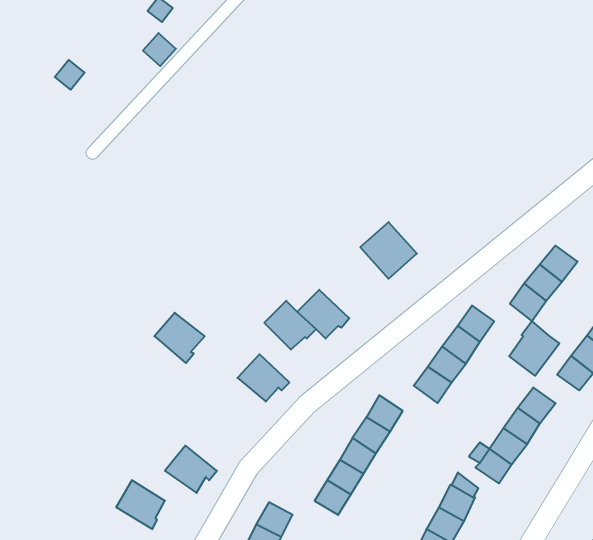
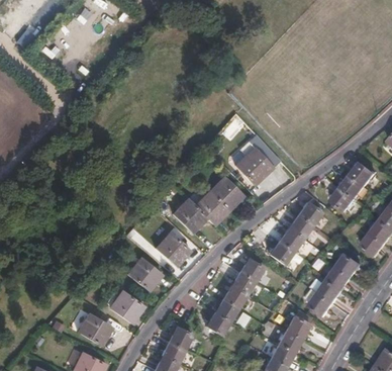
building: none -> [208,176,240,209]
building: [154,313,205,363] -> [127,258,160,290]
building: [509,321,559,376] -> none

